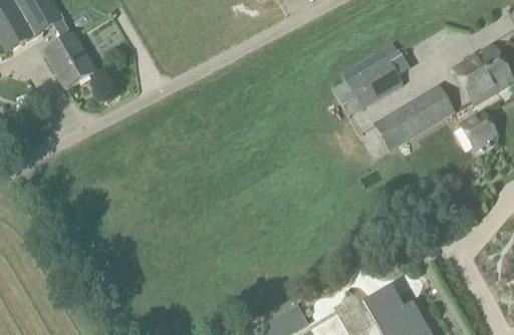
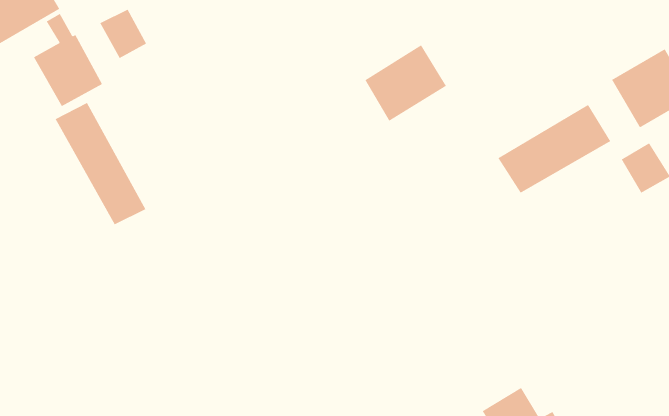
building: none -> [99,9,147,59]
building: [345,54,404,108] -> [365,45,447,121]
building: none -> [55,102,146,225]

